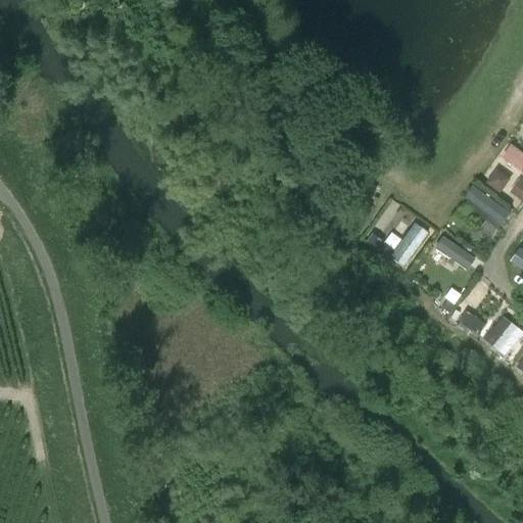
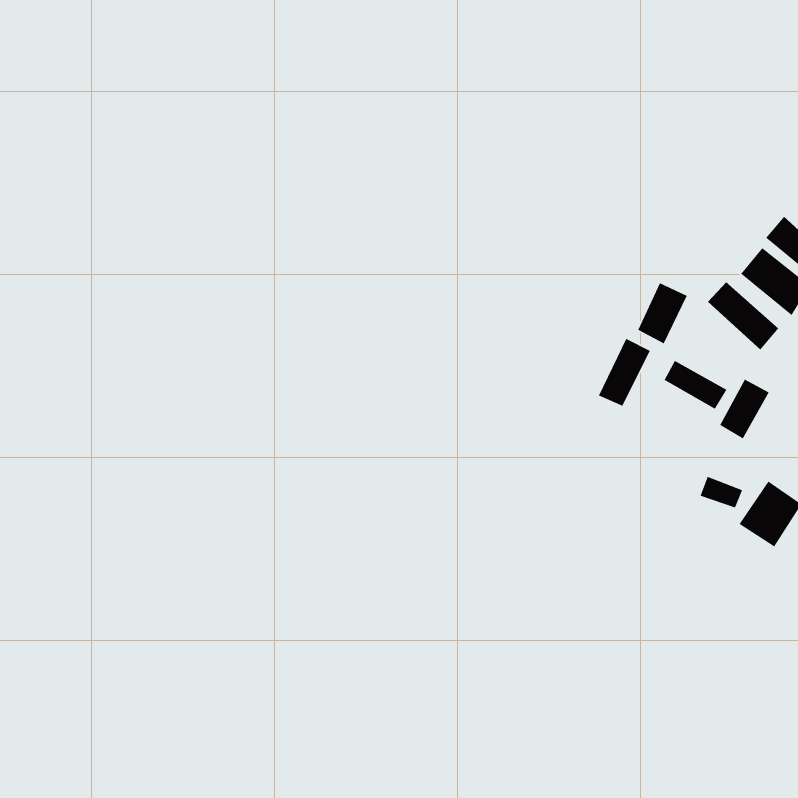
building: none -> [637,282,688,344]
building: none -> [719,378,770,440]

